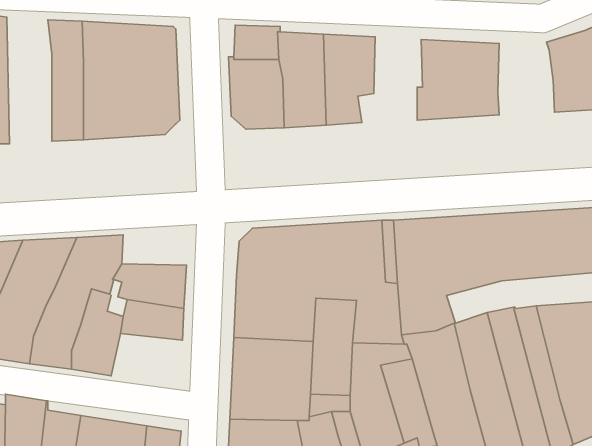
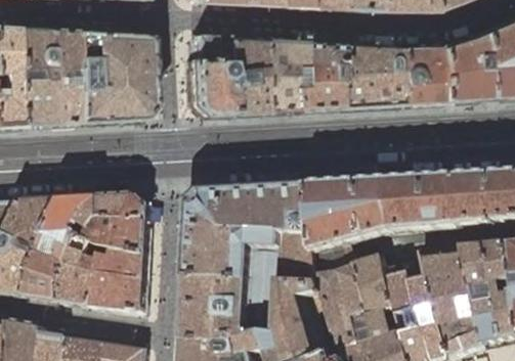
building: none -> [10,28,45,126]
building: none -> [283,43,333,109]
building: none -> [391,47,435,103]
building: none -> [99,194,151,220]
building: none -> [91,273,146,313]

